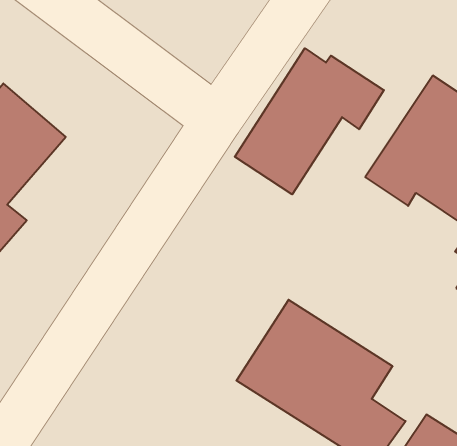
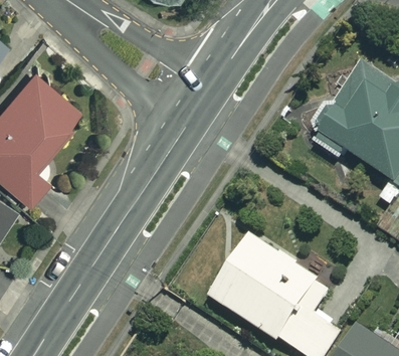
building: [235,48,384,194] -> none

